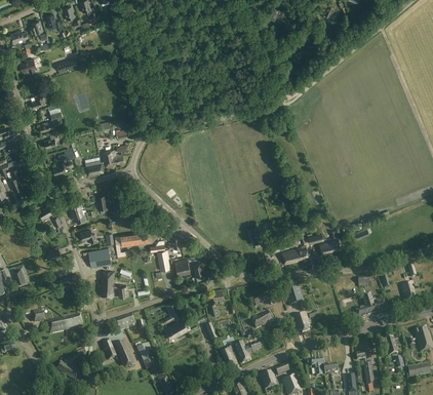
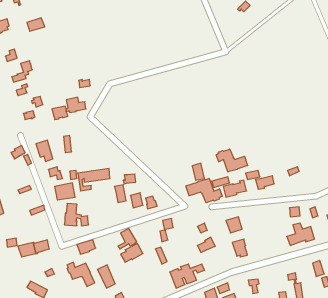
building: none -> [216,149,248,172]
building: none -> [186,178,222,203]

